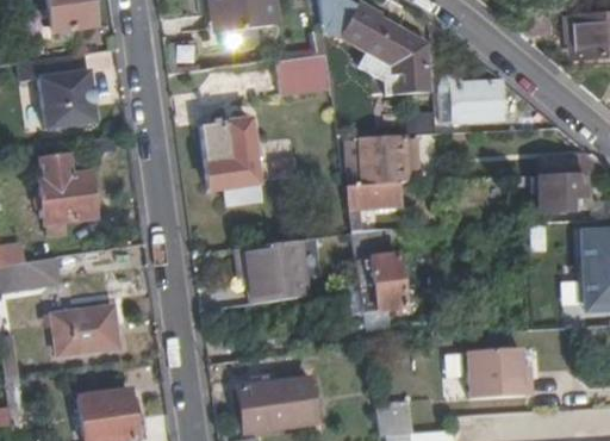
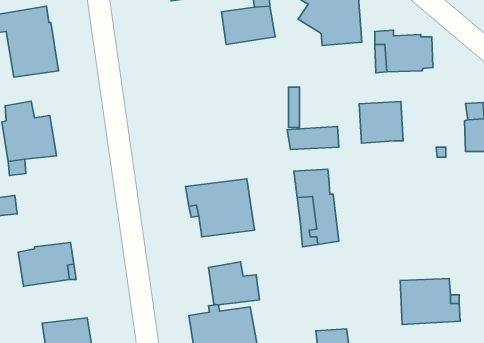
building: [201,118,259,201] -> none
building: [363,139,411,185] -> [359,102,403,143]
building: none -> [209,262,259,305]

